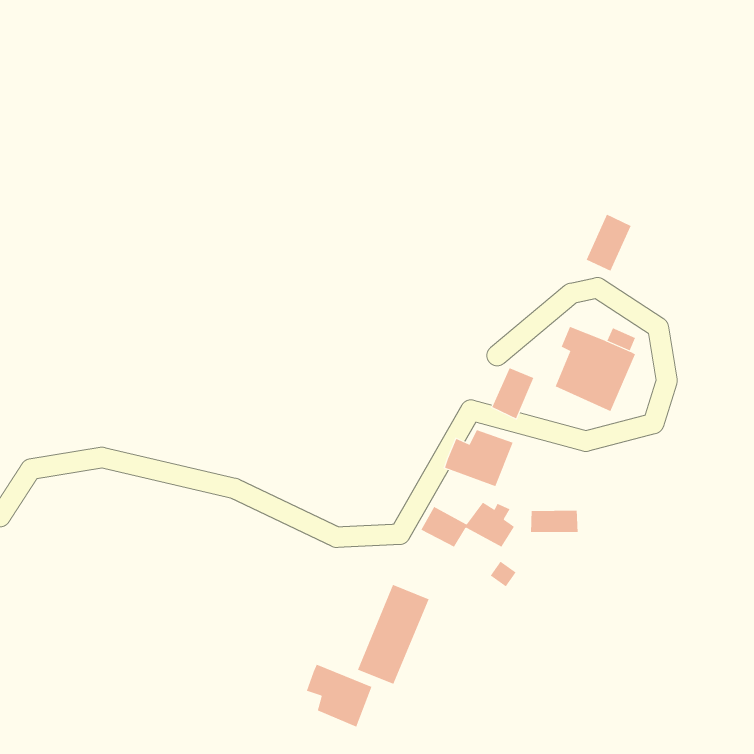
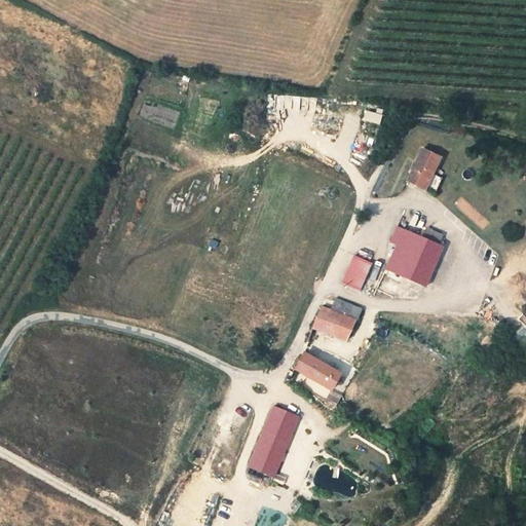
building: [531,510,578,533] -> none
building: [306,664,372,728] -> none

